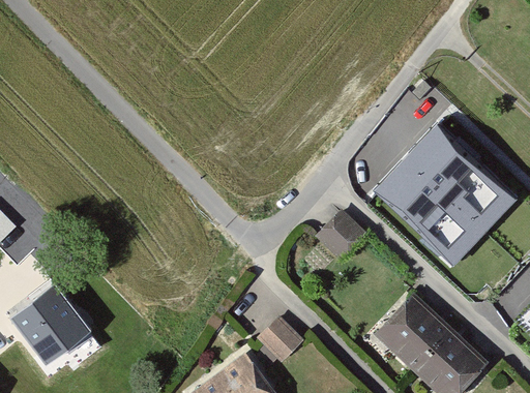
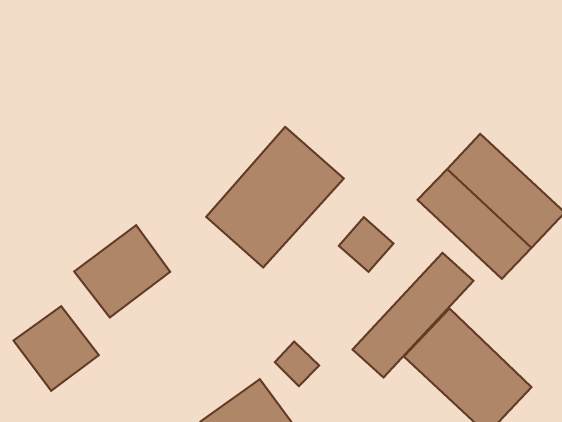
building: none -> [206,127,344,268]
building: none -> [74,225,170,318]
building: none -> [352,253,473,377]

